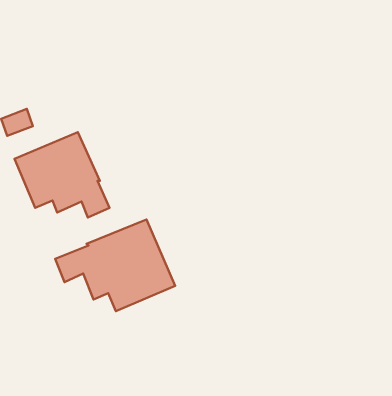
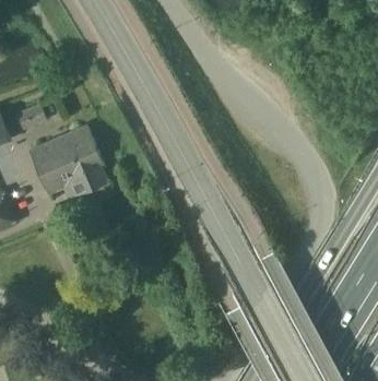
building: [55,219,175,311] -> none

